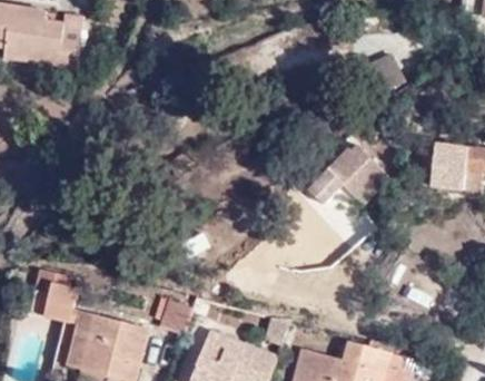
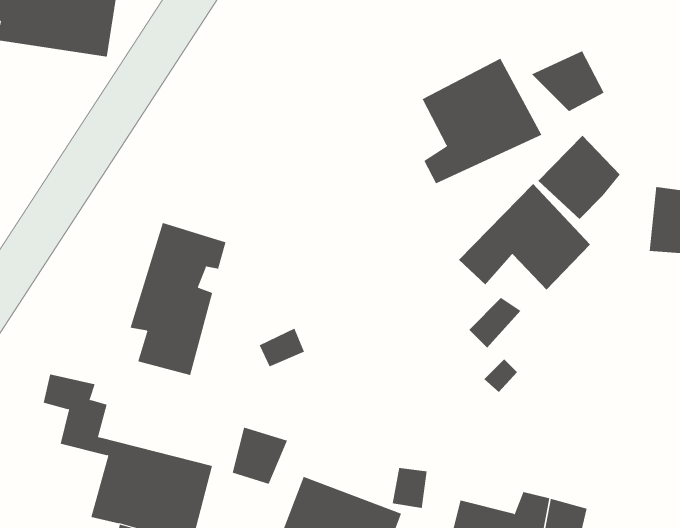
building: none -> [422,58,542,184]
building: none -> [538,135,621,220]
building: none -> [130,222,226,376]

